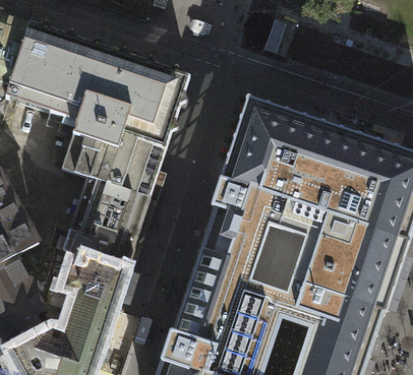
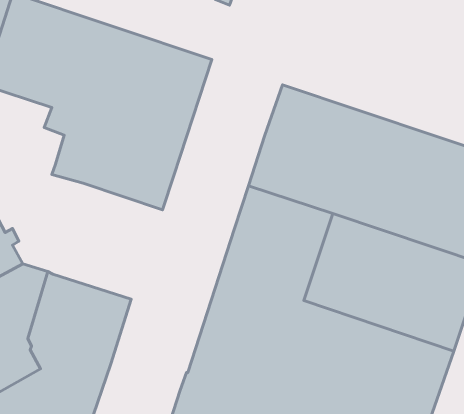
building: [62,177,151,271] -> none

